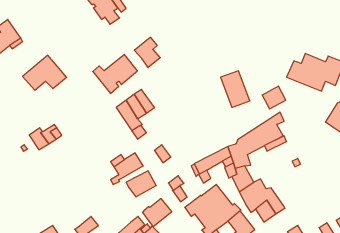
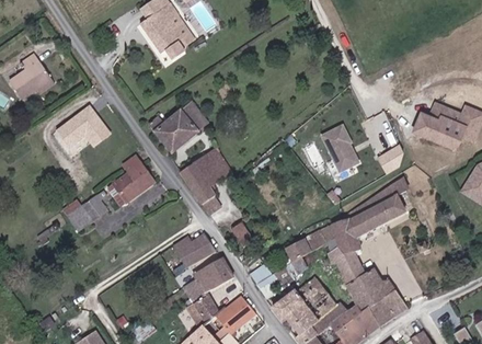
building: [134,37,160,68] -> none
building: none -> [107,156,153,206]
building: none -> [183,279,217,326]
building: none -> [346,305,378,336]

